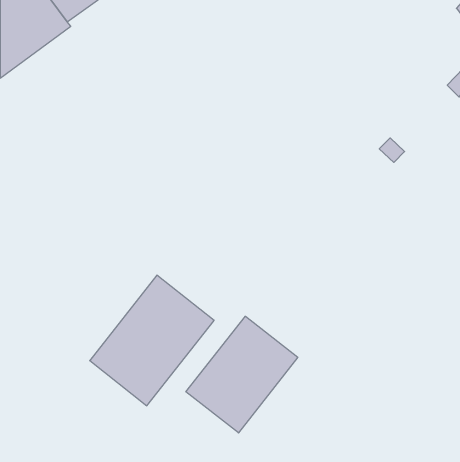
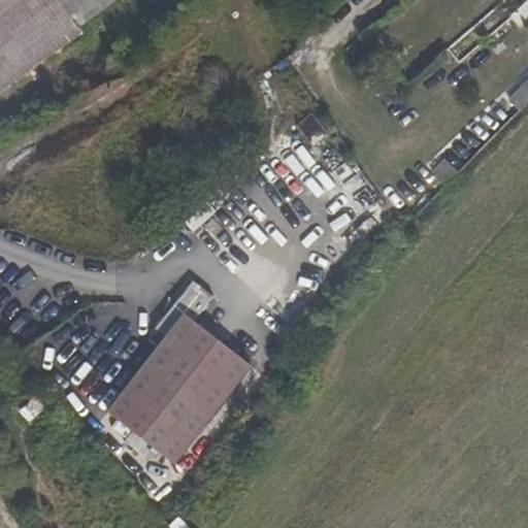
building: [186,316,298,433] -> none

